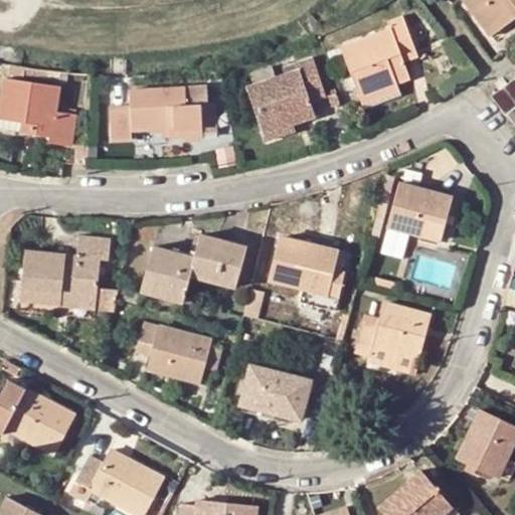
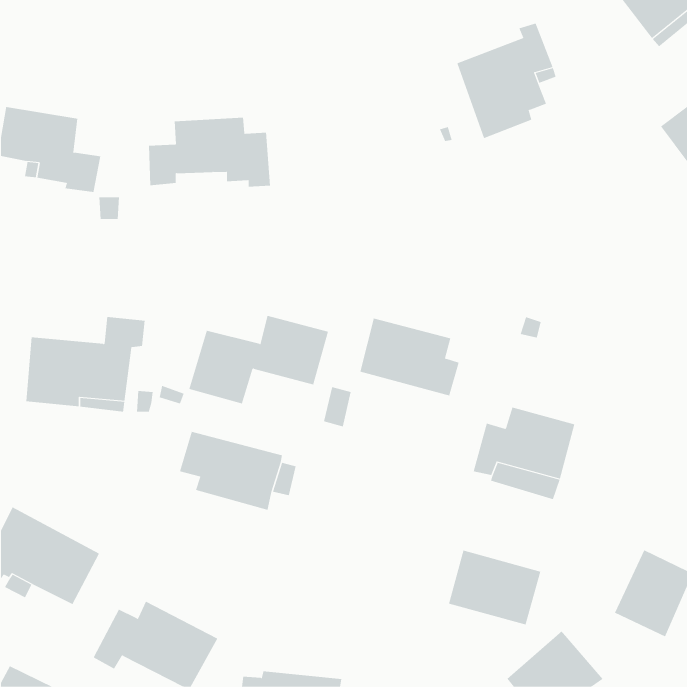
building: [246,57,325,140] -> none
building: [388,185,451,239] -> none
building: [240,364,310,420] -> [448,550,541,625]

